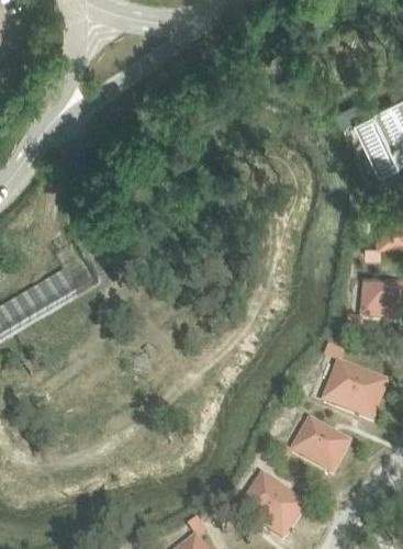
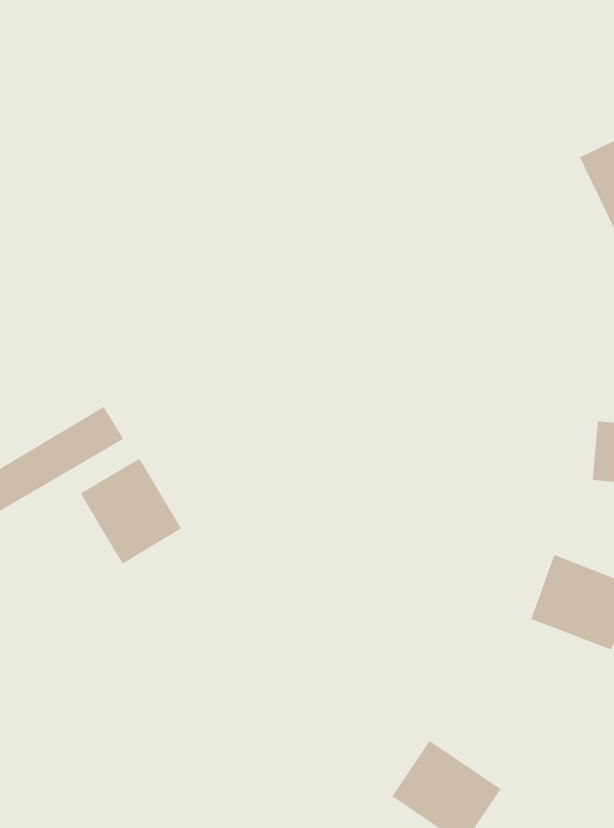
building: none -> [80,458,182,565]
building: [291,416,349,470] -> none

